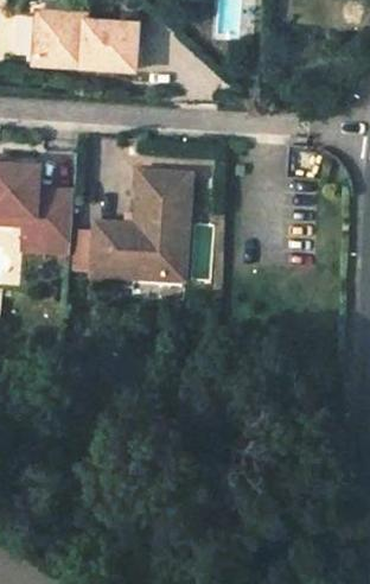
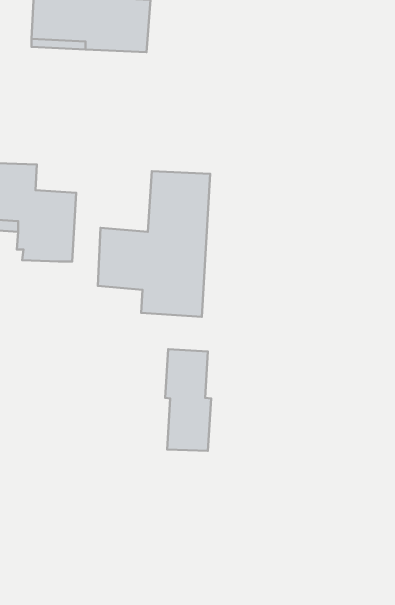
building: none -> [165,349,211,451]

